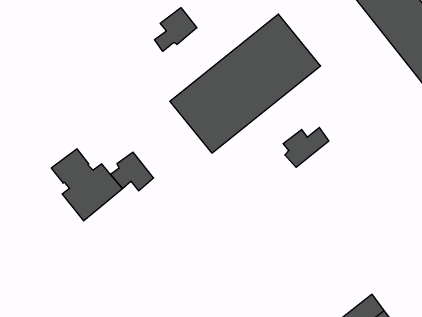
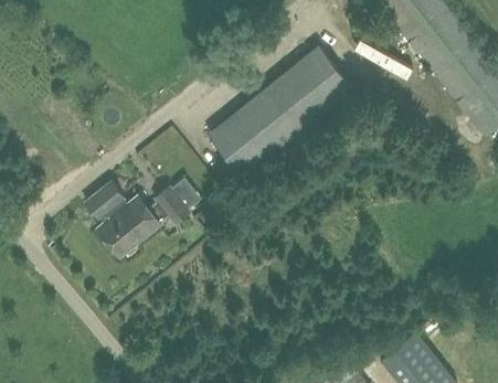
building: [155,8,197,51] -> none
building: [283,127,329,167] -> none

